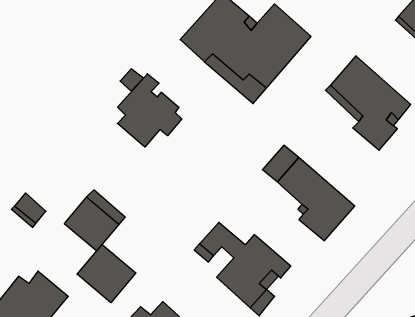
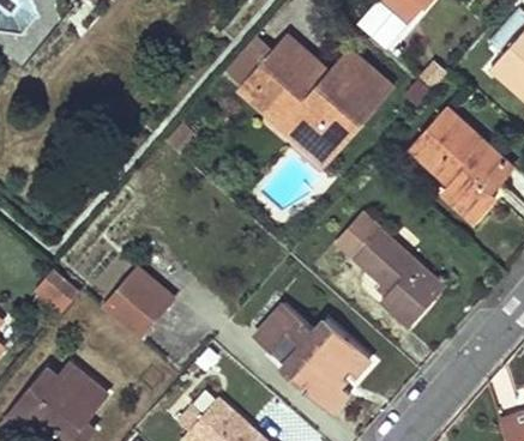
building: [117,74,182,147] -> none
building: [77,244,136,303] -> none

